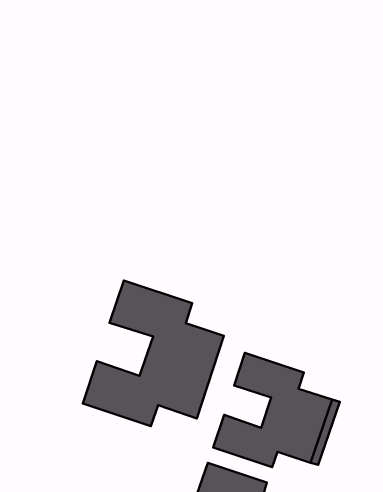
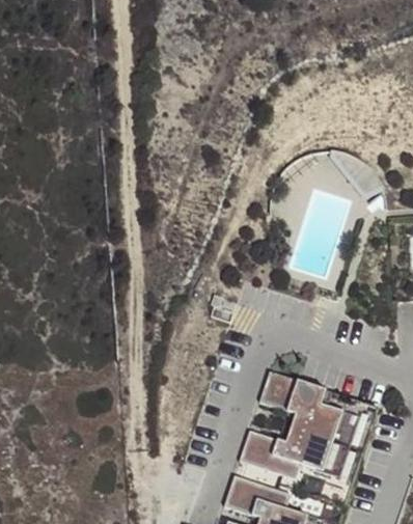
building: [83,280,224,426] -> none

